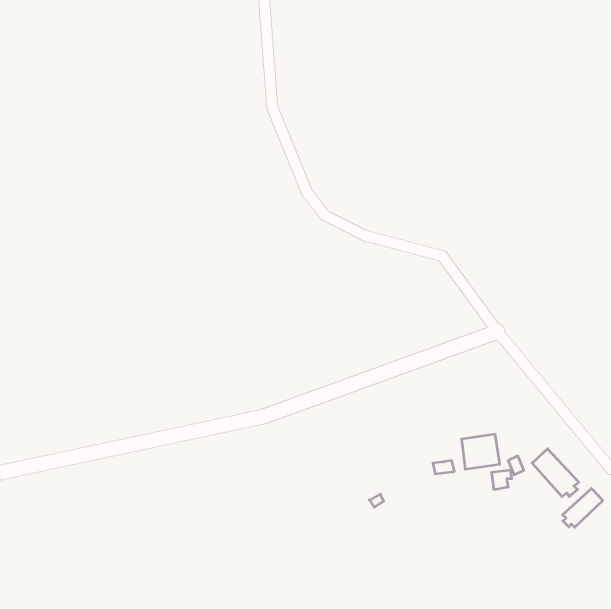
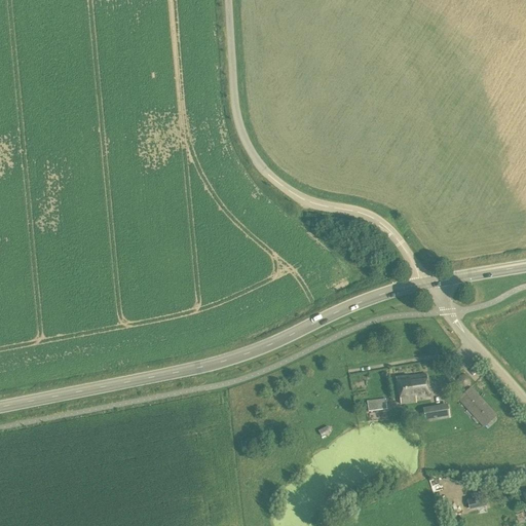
building: [563,488,603,527] -> none

